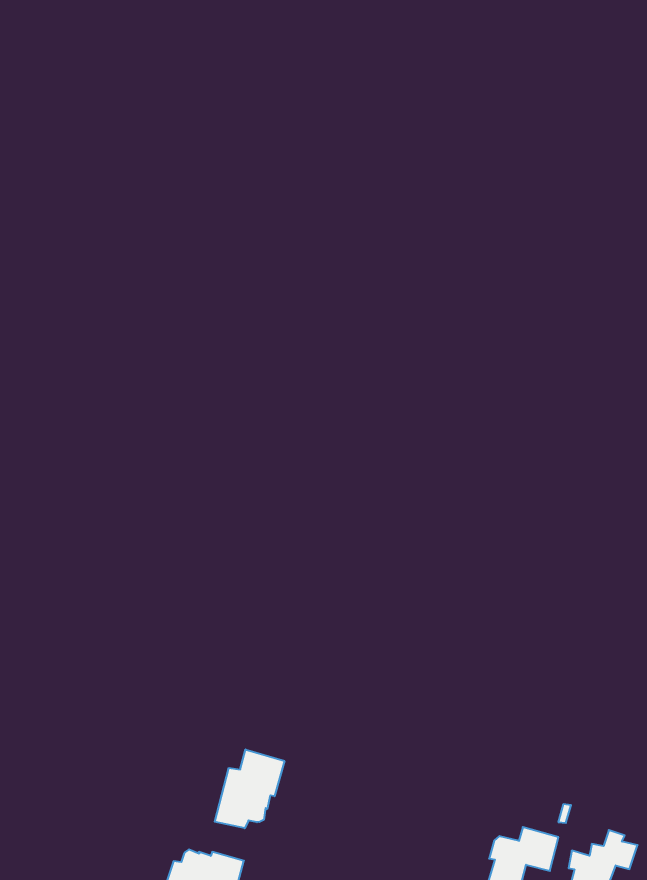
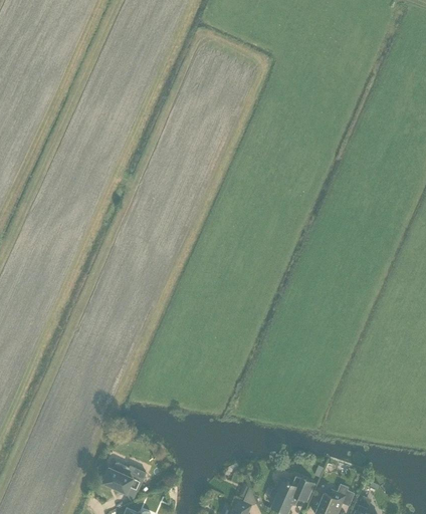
building: [215,749,284,828] -> none

